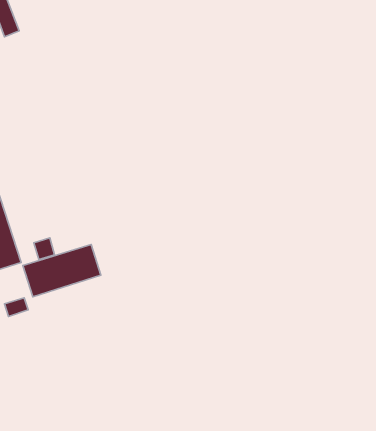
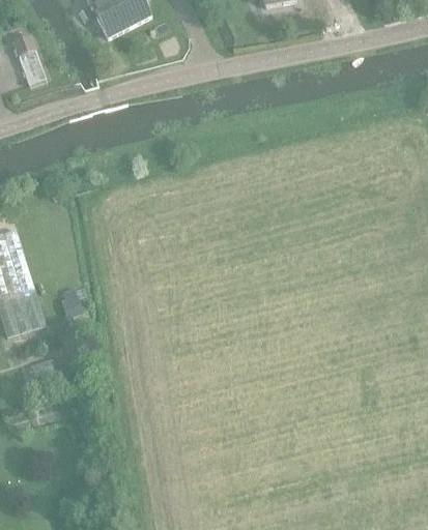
building: [23,244,101,297] -> none

